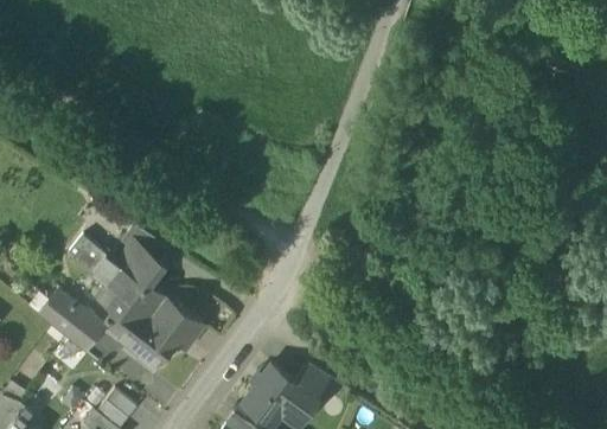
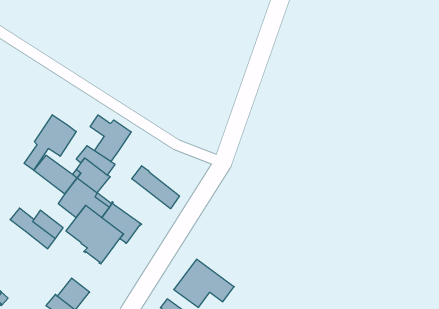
building: none -> [24,115,76,170]
building: none -> [90,115,131,161]
building: none -> [132,166,179,209]
building: [294,363,332,398] -> none

